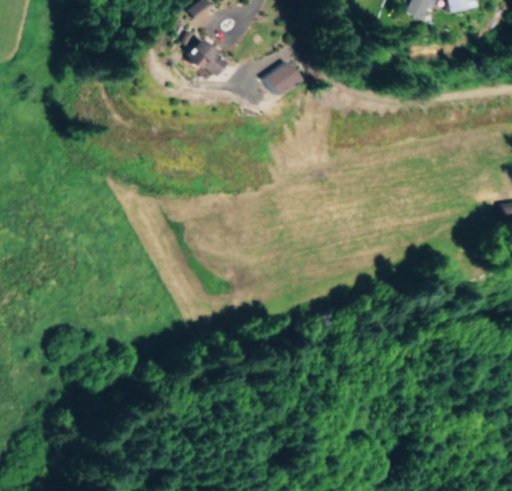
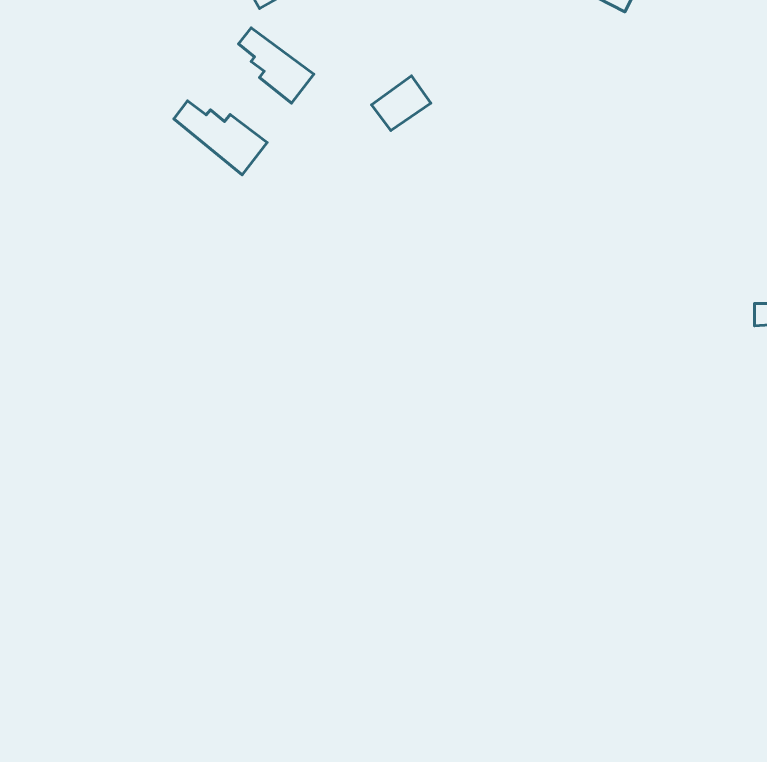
building: none -> [174,101,267,175]

